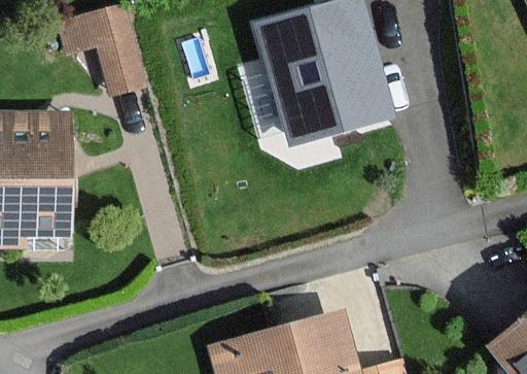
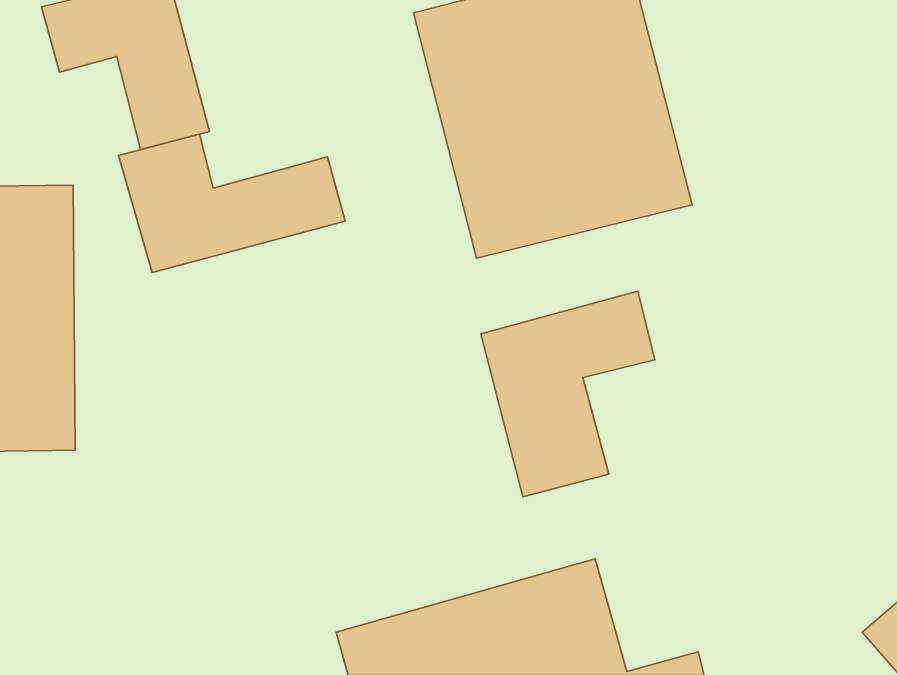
building: none -> [118,134,345,273]
building: none -> [481,291,655,497]

